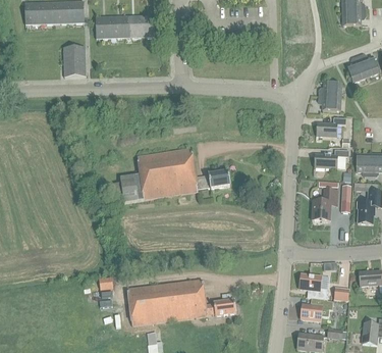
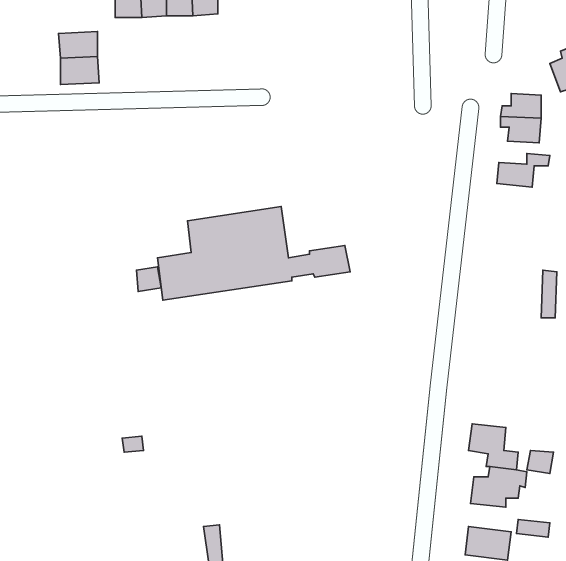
building: [315,149,349,167] -> none
building: [312,188,337,220] -> none
building: [127,279,236,324] -> none

